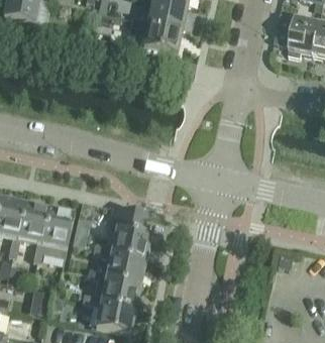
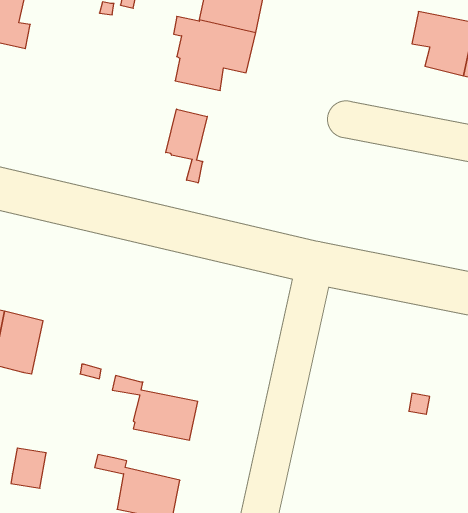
building: none -> [166,109,207,183]
building: [33,209,75,261] -> none
building: [108,211,151,259] -> none
building: [88,268,141,309] -> none

